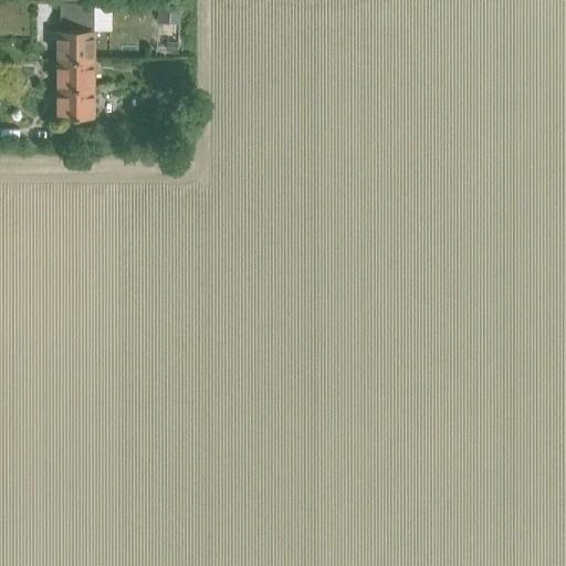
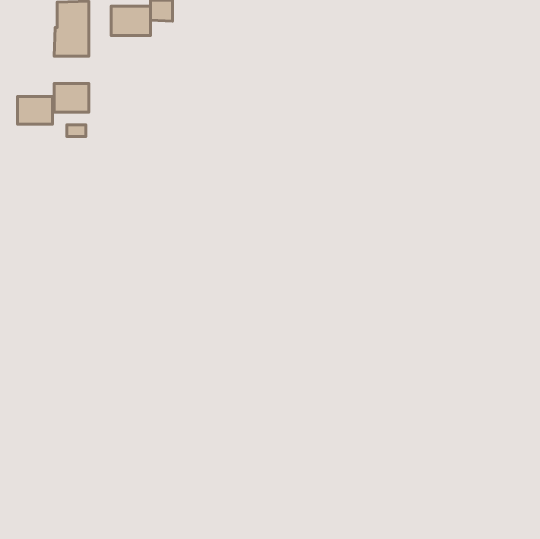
building: none -> [111,6,150,36]
building: [57,61,94,90] -> [17,97,52,124]

